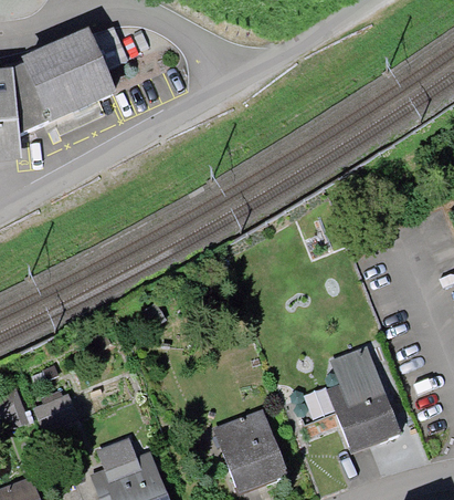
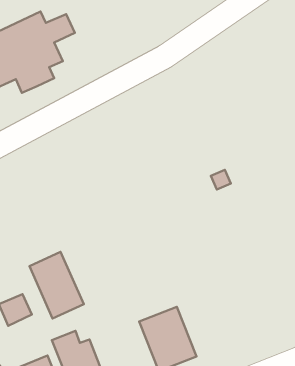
building: none -> [29,252,84,318]
building: [325,343,405,451] -> none

